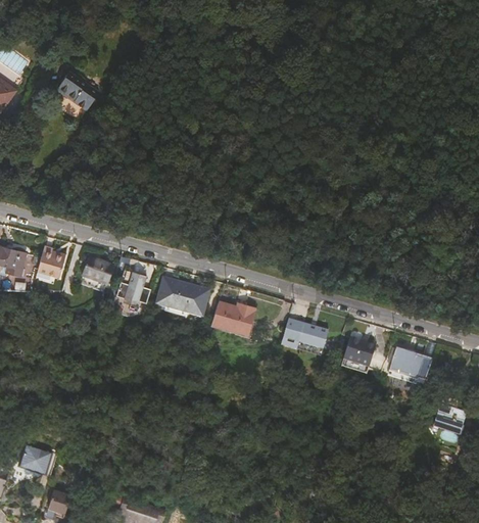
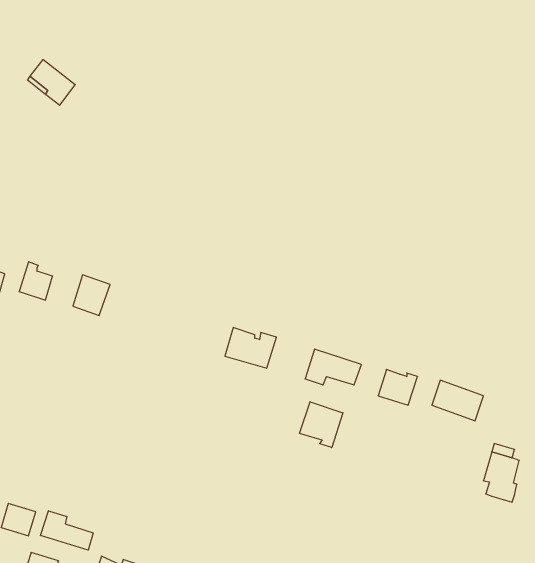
building: [117,271,152,303] -> none
building: [158,277,209,314] -> none
building: none -> [299,402,343,448]
building: none -> [40,511,93,550]

